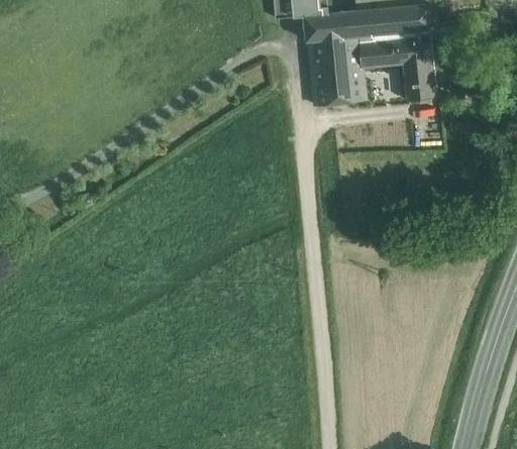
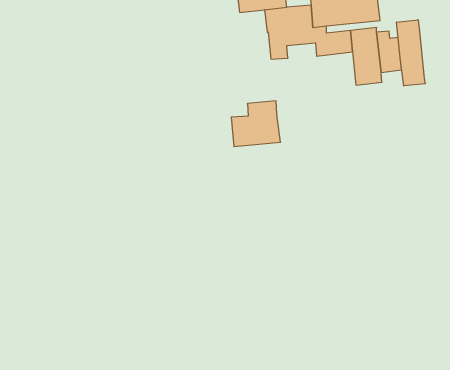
building: none -> [397,20,425,86]
building: [309,52,365,104] -> [231,101,281,147]

